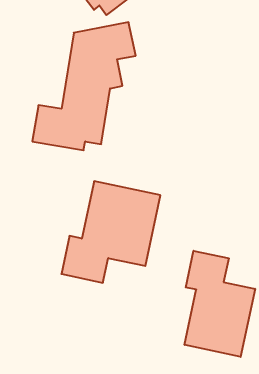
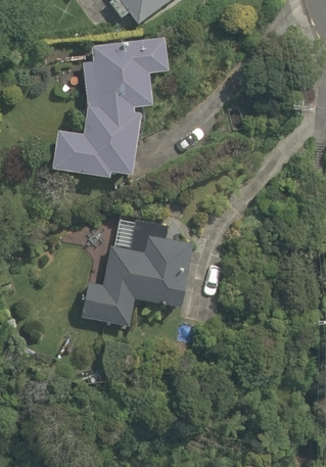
building: [185,251,255,357] -> none

